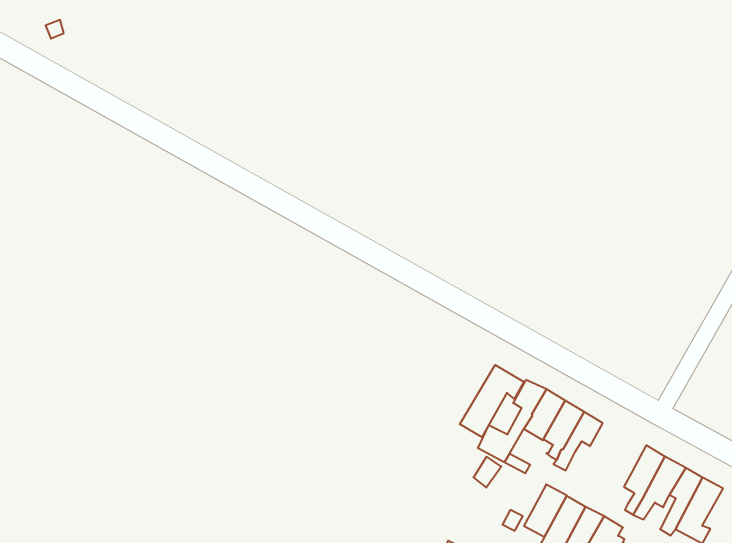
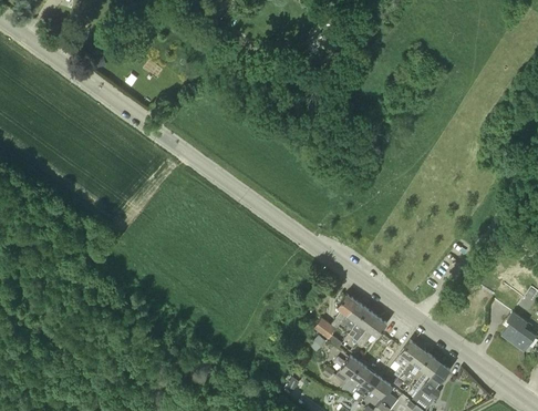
building: [460,365,524,437] -> none

